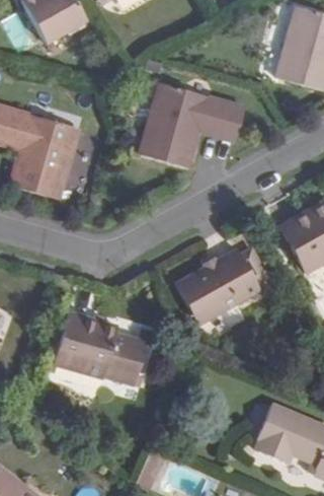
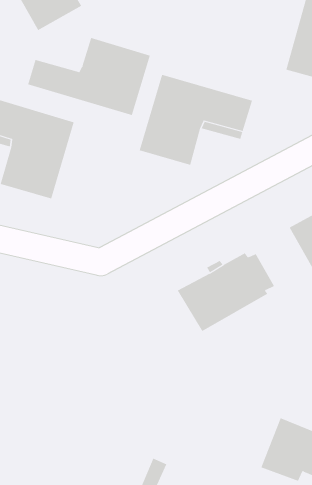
building: none -> [28,37,150,116]
building: [53,311,156,386] -> none

